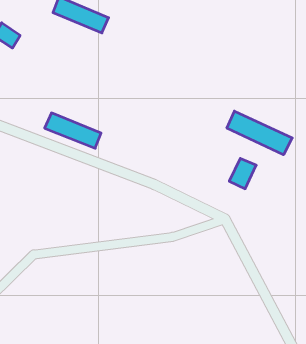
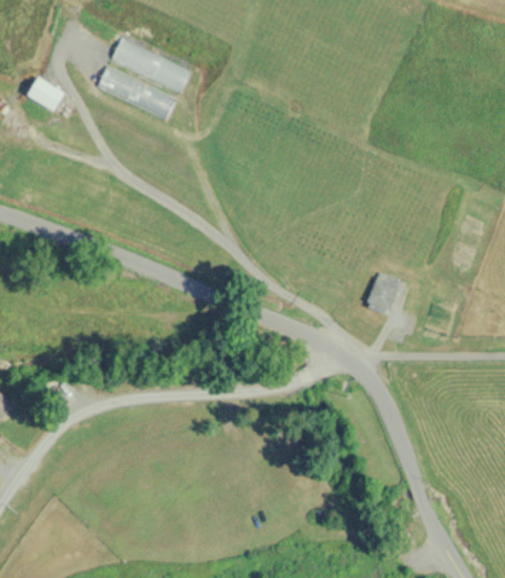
building: [227,111,292,155] -> none
building: [45,113,101,148] -> [95,67,176,117]

